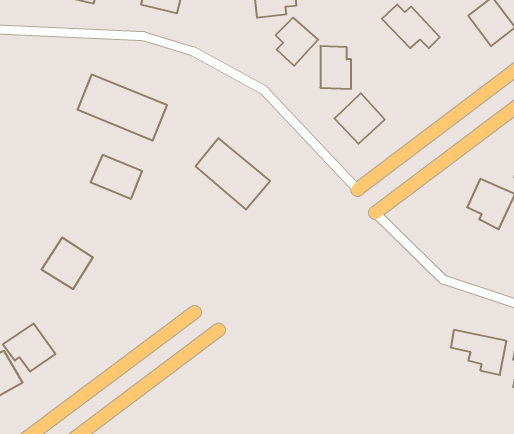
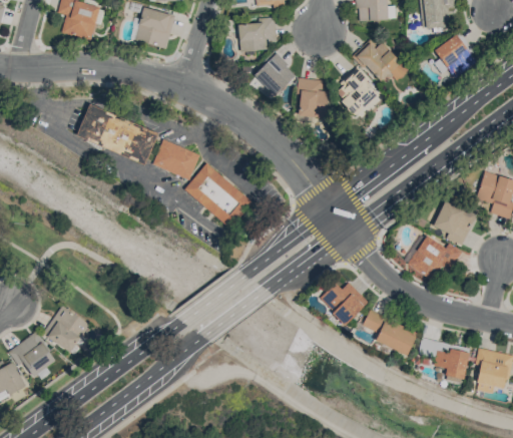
building: [334,93,385,144] -> [333,69,379,115]
building: [91,155,142,199] -> [152,139,199,179]
building: none -> [408,236,463,281]
building: [41,238,93,289] -> [42,305,89,352]
building: none -> [321,282,368,324]
building: none -> [362,311,417,354]

